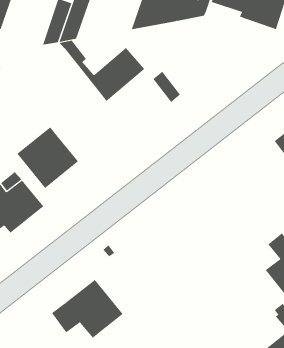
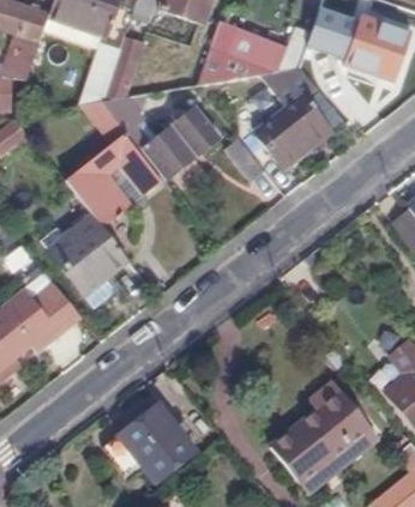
building: none -> [258,62,333,162]
building: none -> [70,105,168,221]
building: none -> [267,385,374,487]

